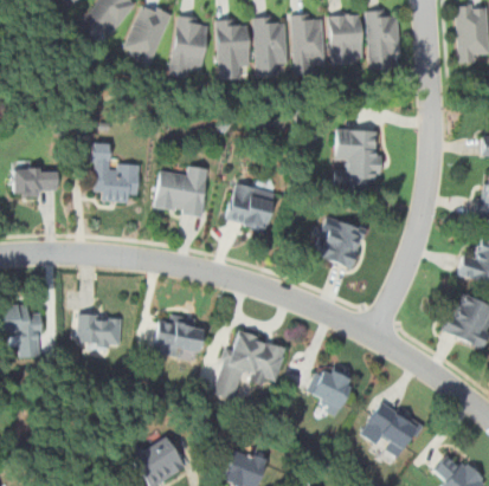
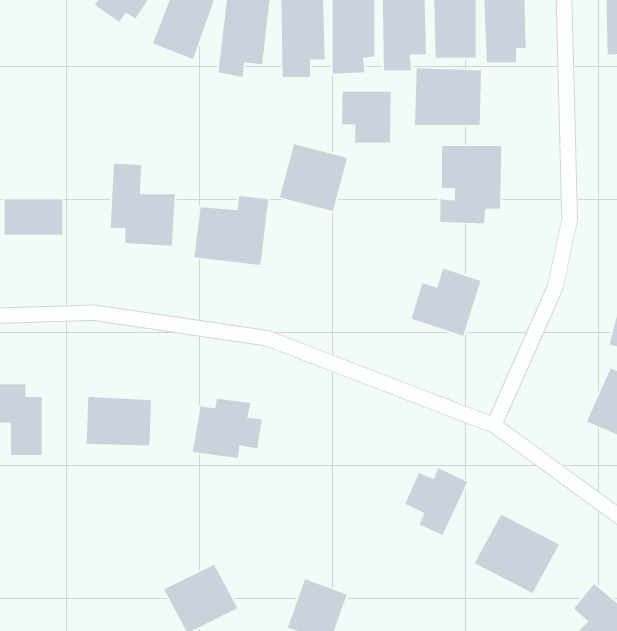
building: none -> [414,68,482,126]
building: none -> [341,91,392,143]
building: [224,181,275,232] -> [279,143,348,212]
building: [212,330,287,400] -> none

